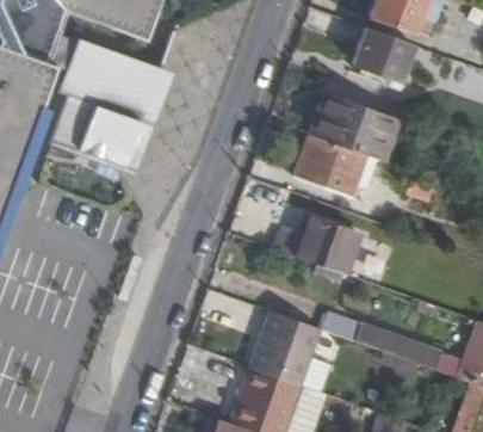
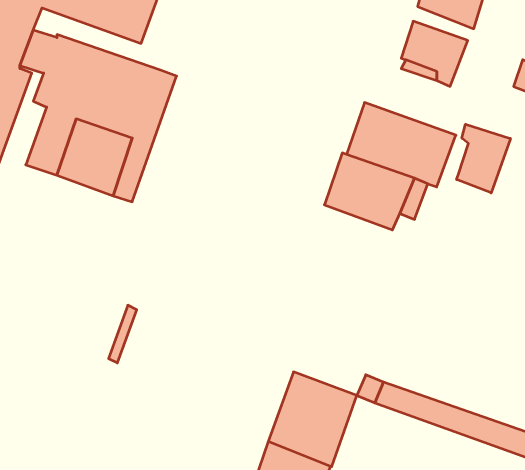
building: none -> [457,124,510,193]
building: [275,215,364,274] -> none

